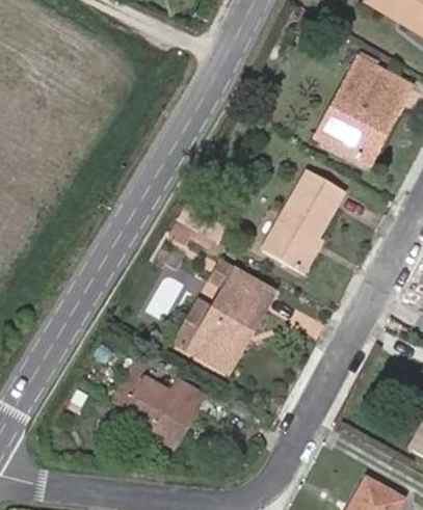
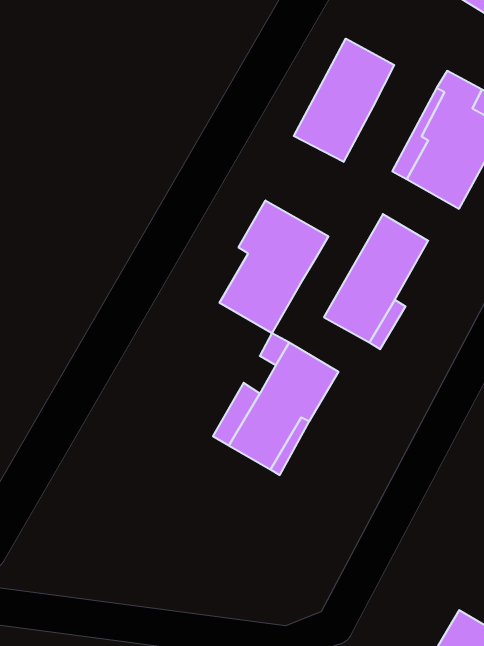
building: none -> [294,39,394,162]
building: none -> [220,200,328,333]
building: [124,377,204,446] -> none

